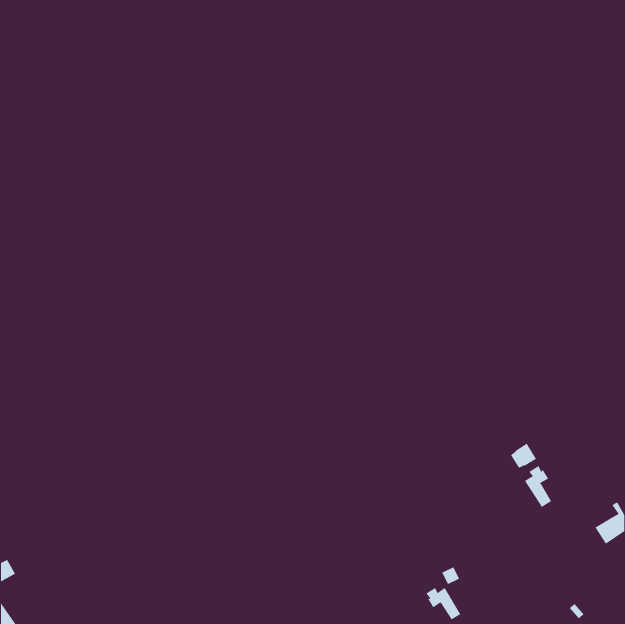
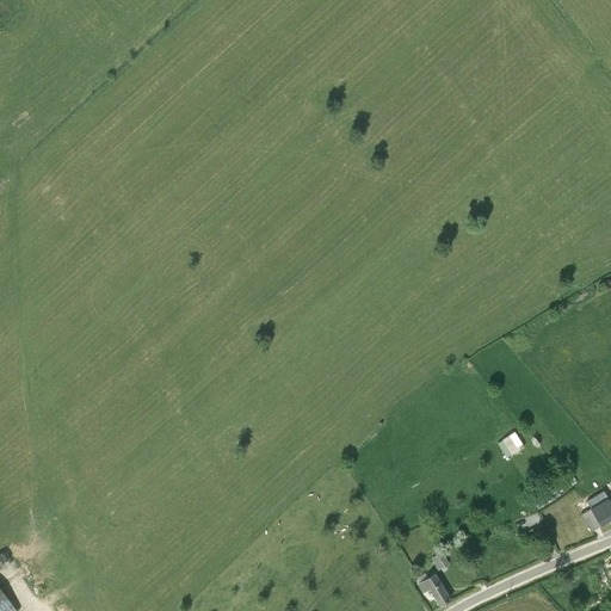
building: [524,465,552,508] -> none

